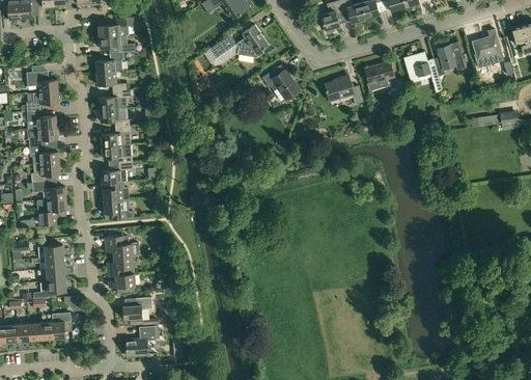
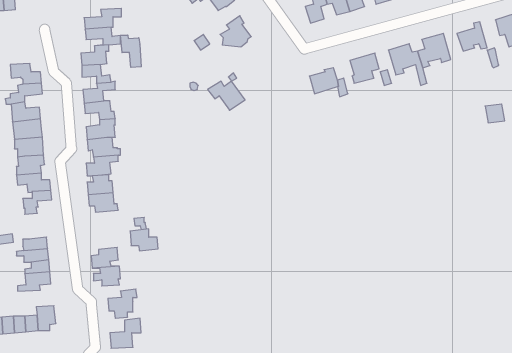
building: none -> [120,35,141,67]
building: [262,70,300,99] -> [208,81,245,110]
building: [105,236,133,257] -> [130,229,158,251]

